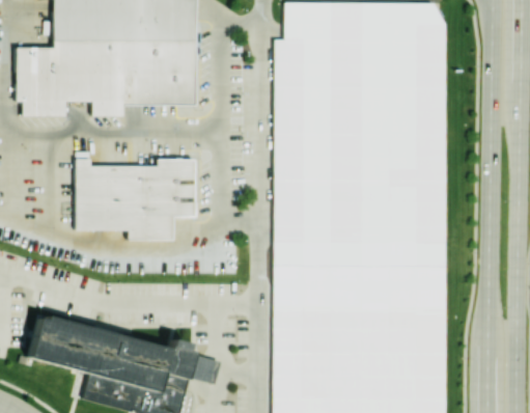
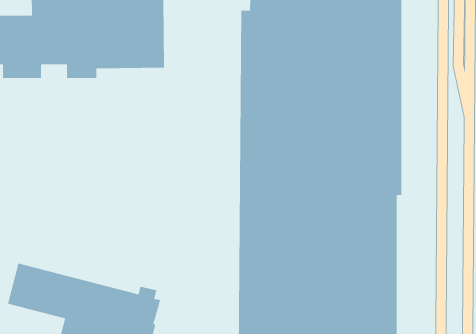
building: [74,158,193,239] -> none
building: [185,352,217,382] -> none

